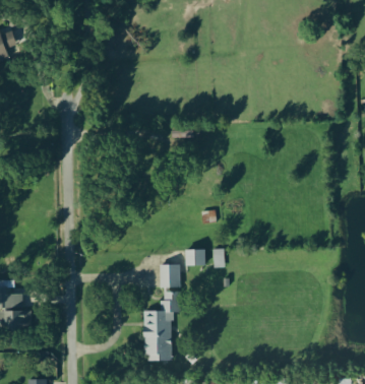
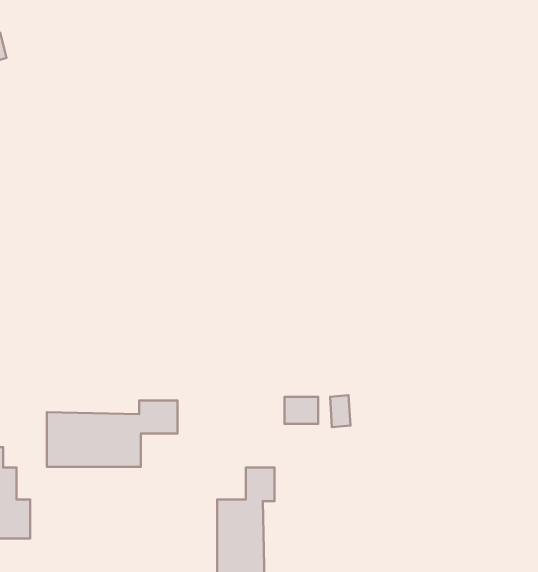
building: none -> [47,400,177,467]
building: [160,265,180,289] -> none

